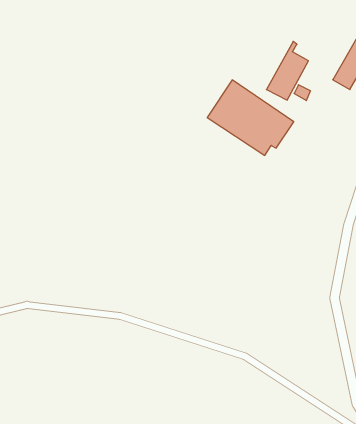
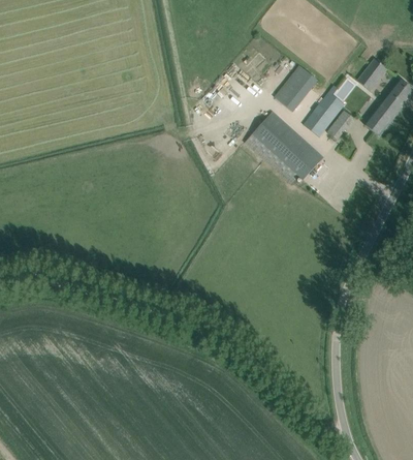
building: none -> [357,58,387,90]
building: none -> [276,66,318,112]

